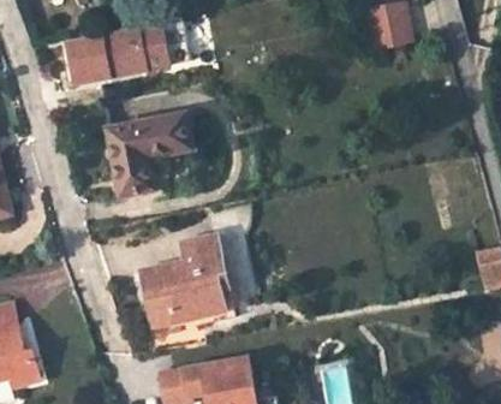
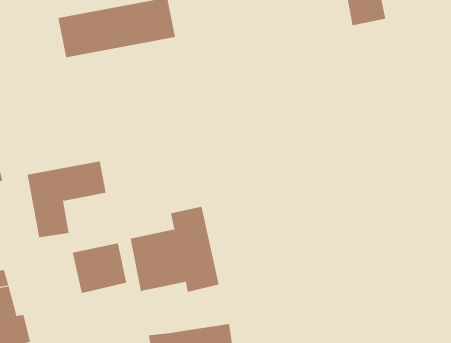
building: [108,114,191,195] -> [27,161,106,238]
building: none -> [72,243,127,294]

